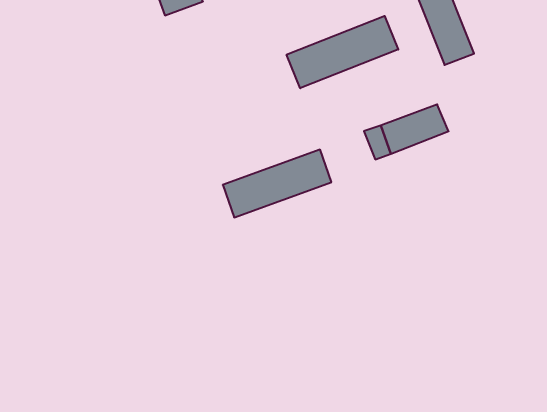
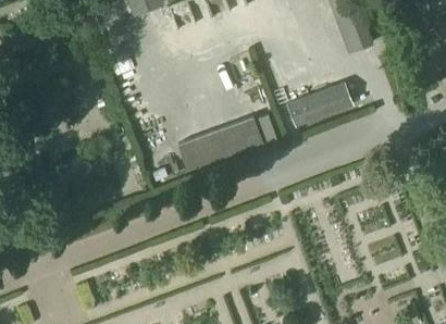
building: [287,16,398,88] -> none

